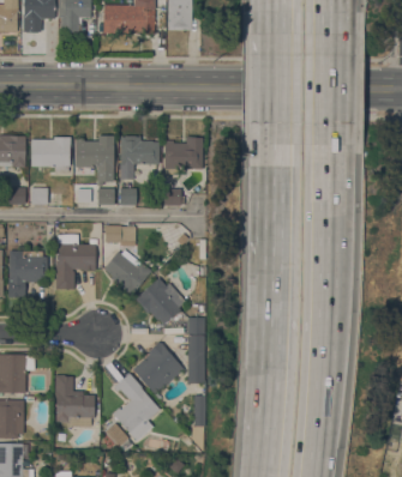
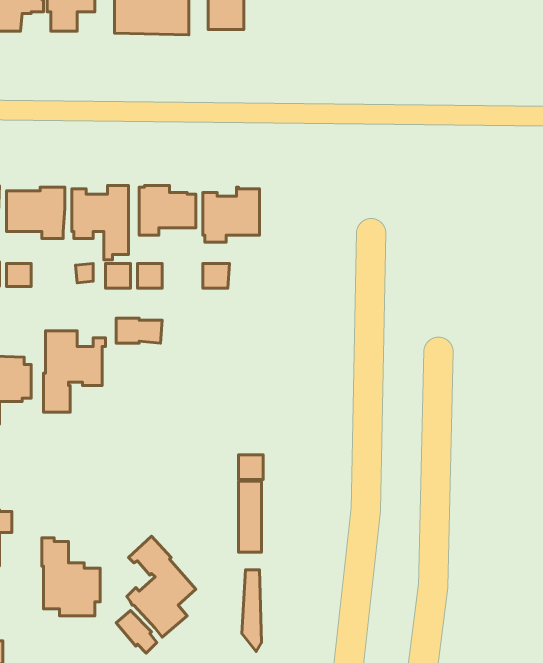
building: [104,249,152,295] -> none
building: [136,278,186,325] -> none
building: [133,343,185,394] -> none

